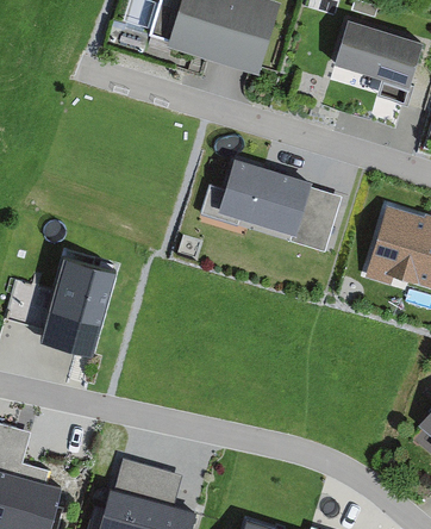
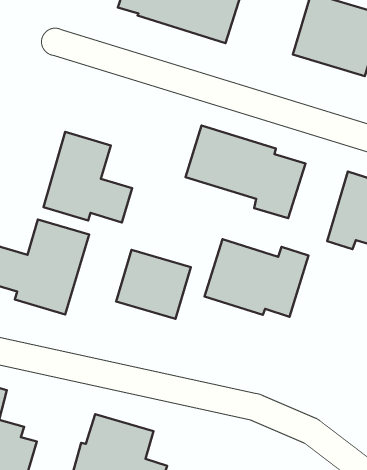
building: none -> [43,132,132,222]
building: none -> [205,239,308,317]
building: none -> [116,250,191,319]

